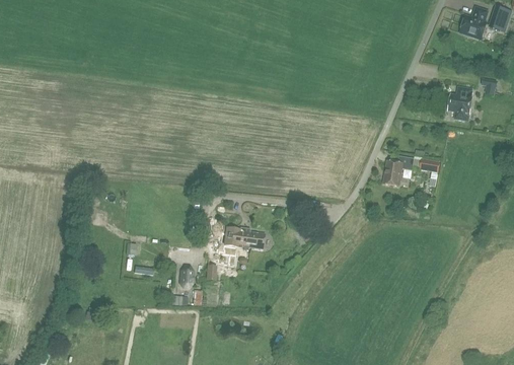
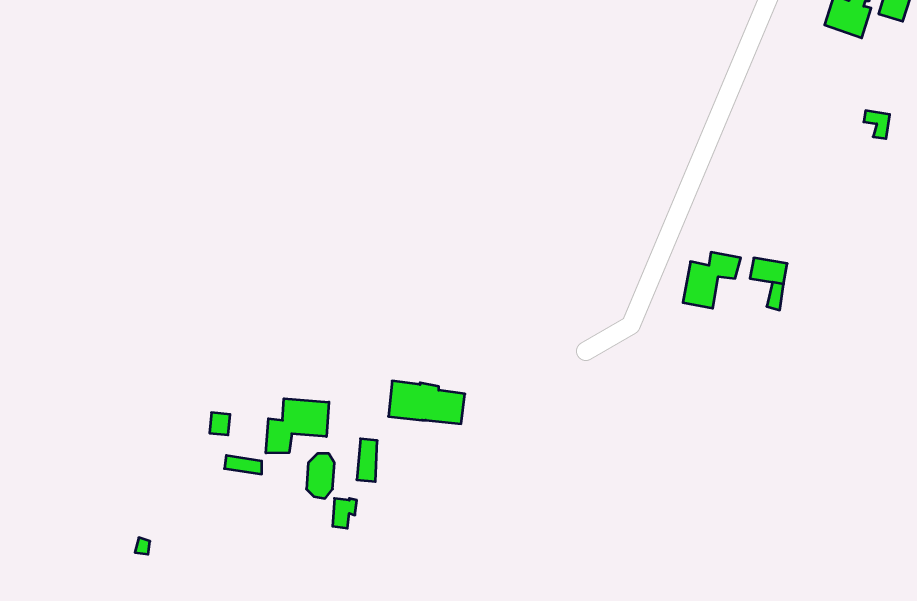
building: [448,88,471,121] -> none
building: none -> [266,399,329,453]

